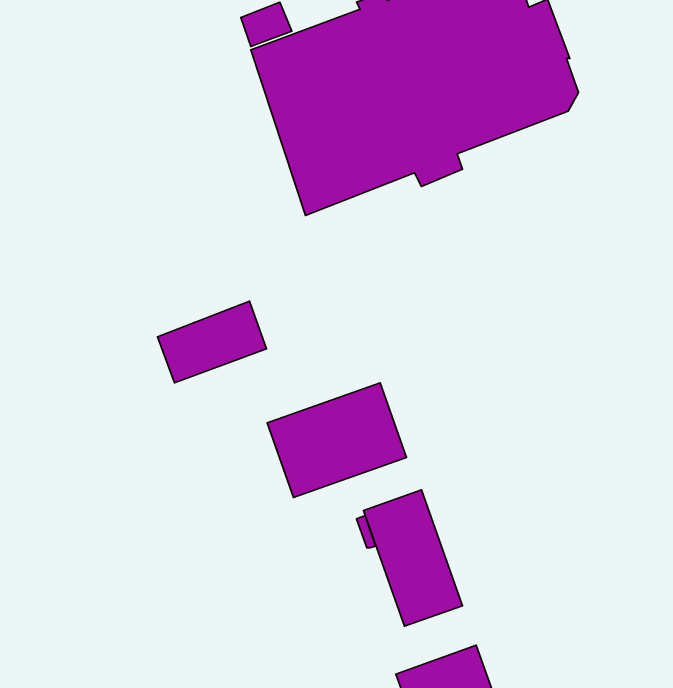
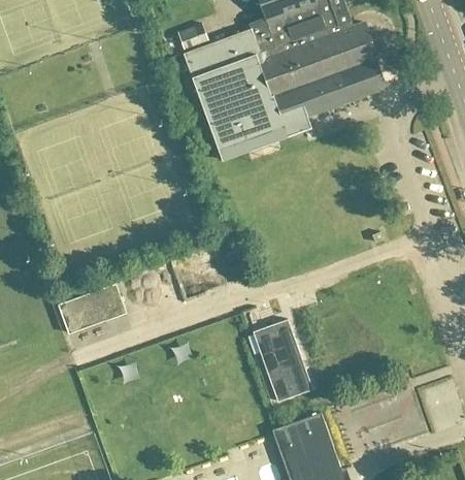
building: [157,301,266,383] -> [59,285,125,334]
building: [267,383,407,497] -> none

